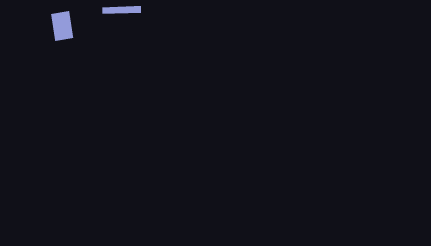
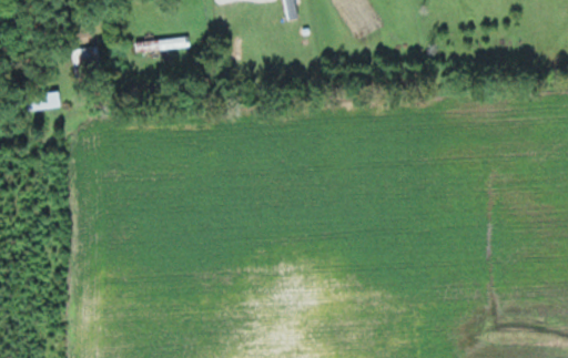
building: none -> [30,92,60,110]

